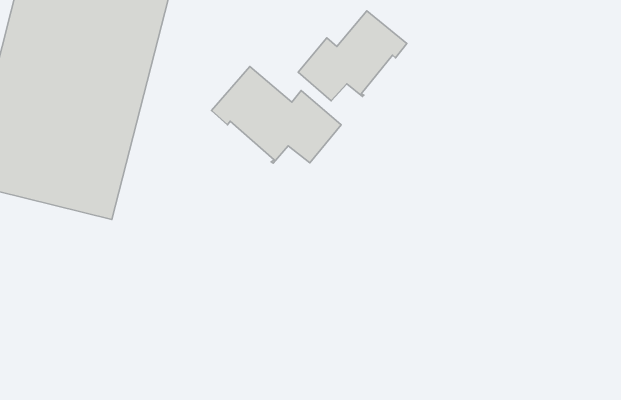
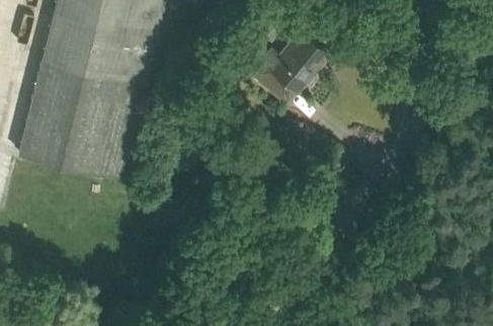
building: [212,67,341,163] -> none

